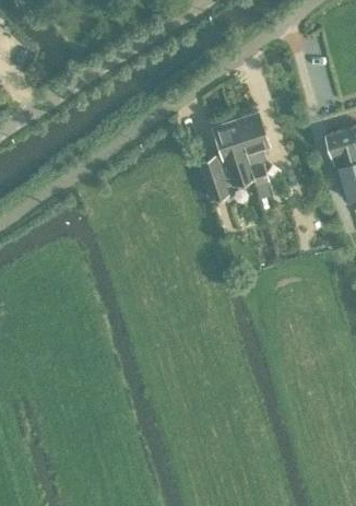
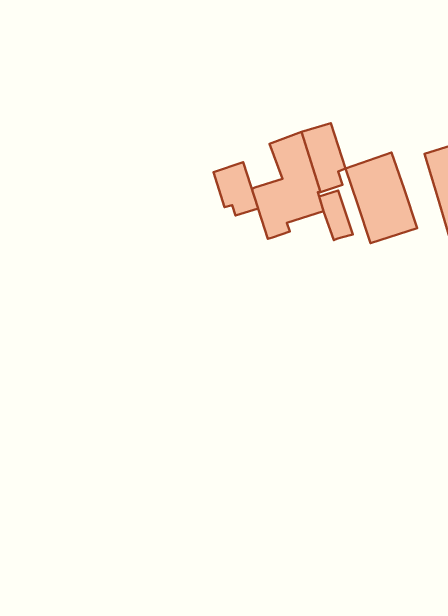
building: none -> [346,153,417,243]
building: none -> [213,162,258,215]

